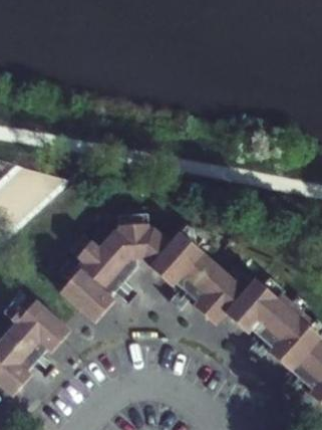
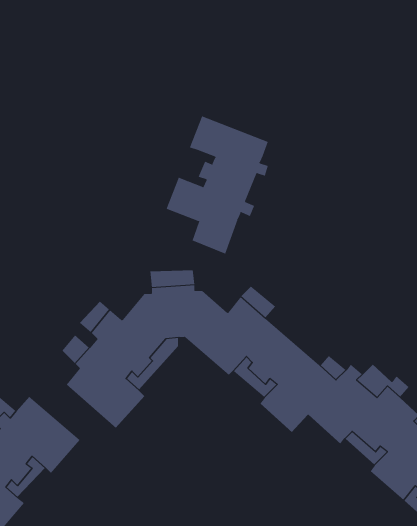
building: none -> [166,115,269,255]

